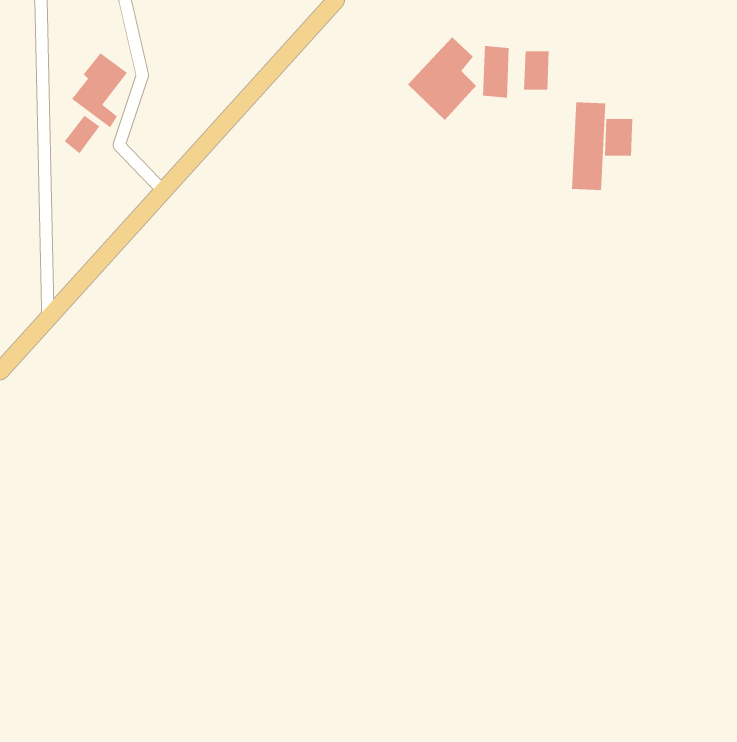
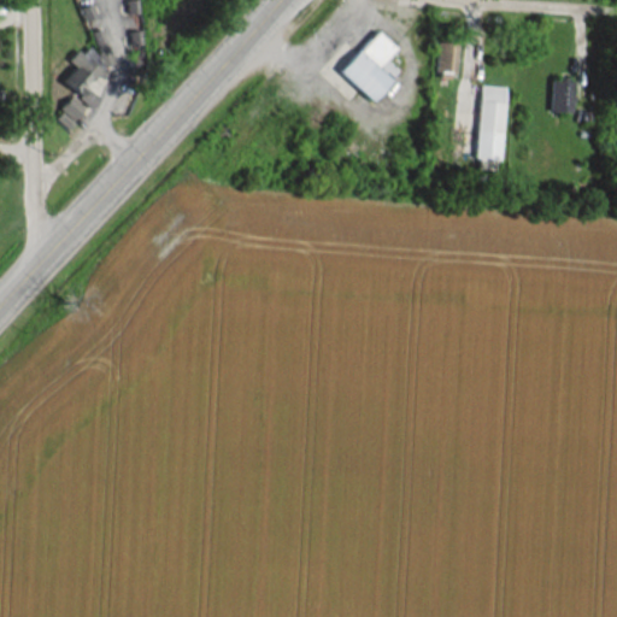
building: [483,45,509,98] -> none
building: [604,118,633,156] -> [552,81,576,112]

